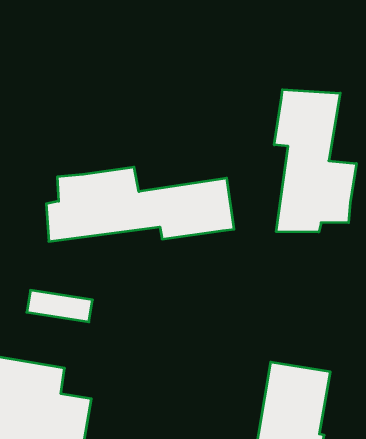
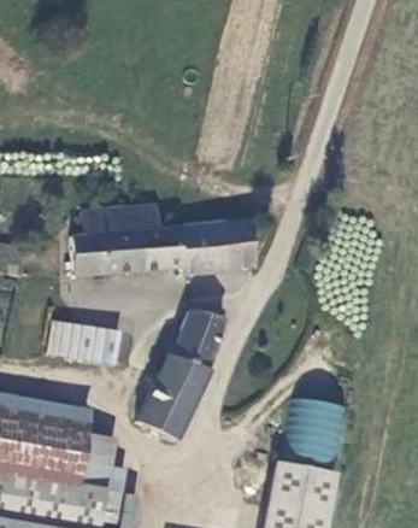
building: [274,90,356,232] -> none
building: none -> [136,315,222,445]

